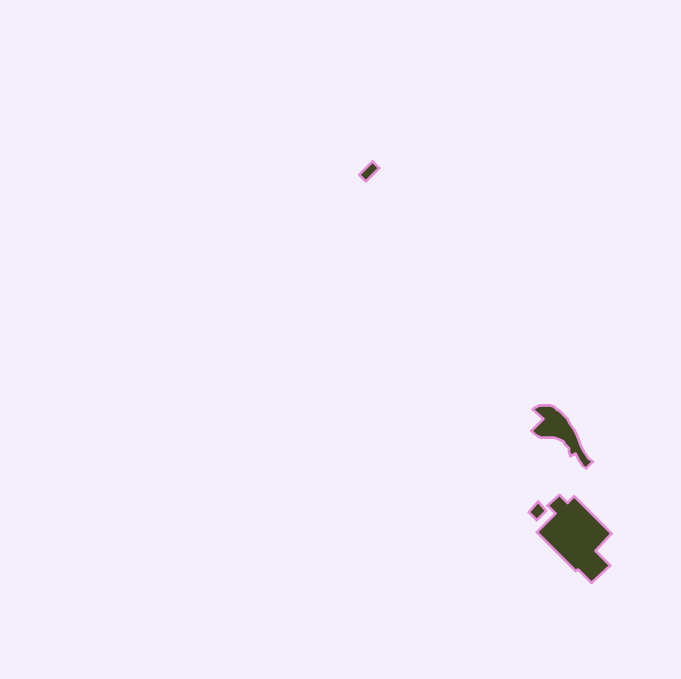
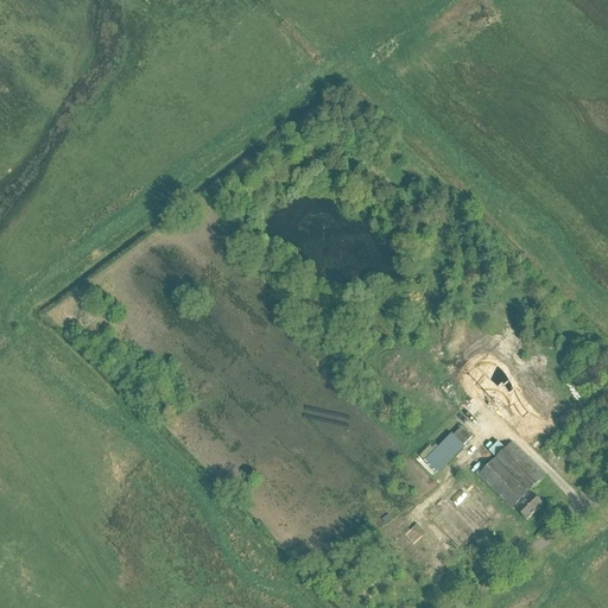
building: none -> [423,425,471,473]

